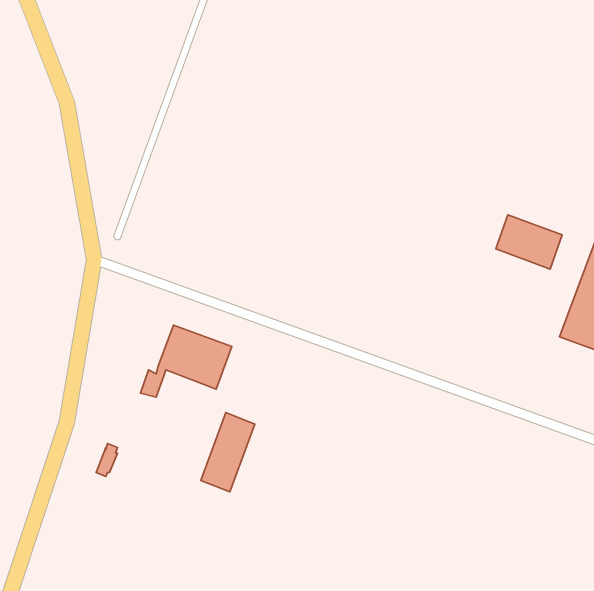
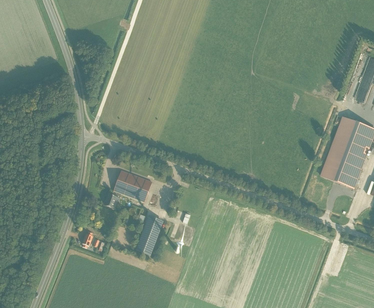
building: [496,215,562,269] -> none

